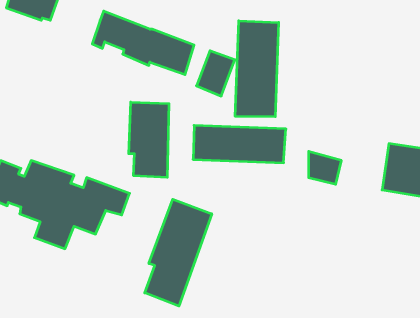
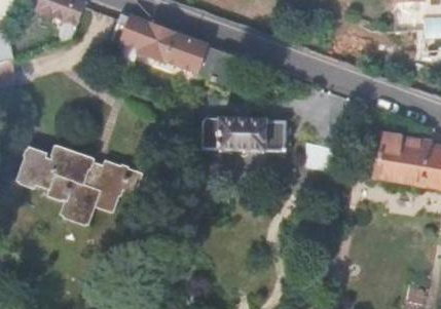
building: [235,21,279,117] -> none
building: [129,102,169,177] -> none
building: [145,199,212,306] -> none

